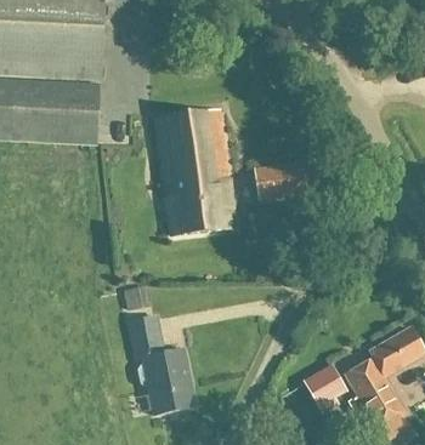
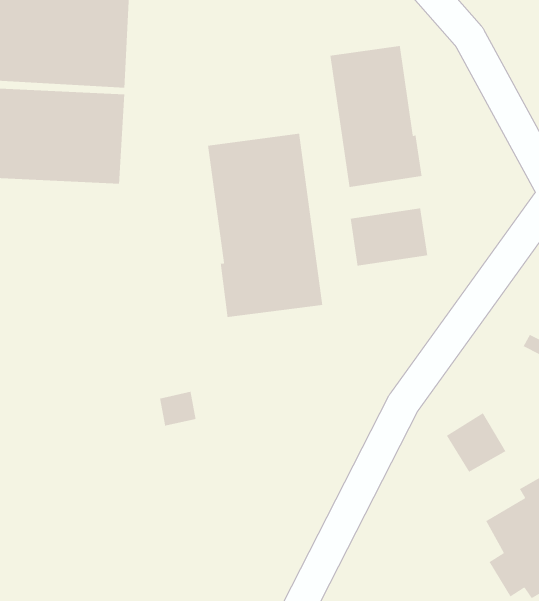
building: none -> [330,45,423,188]
building: [130,314,195,413] -> none
building: [305,364,346,405] -> [446,412,506,473]

